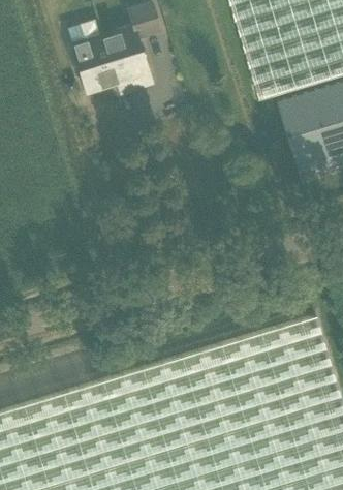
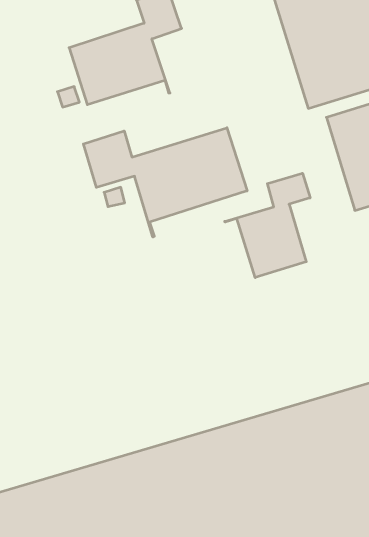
building: none -> [83,128,247,237]
building: none -> [225,173,310,278]

